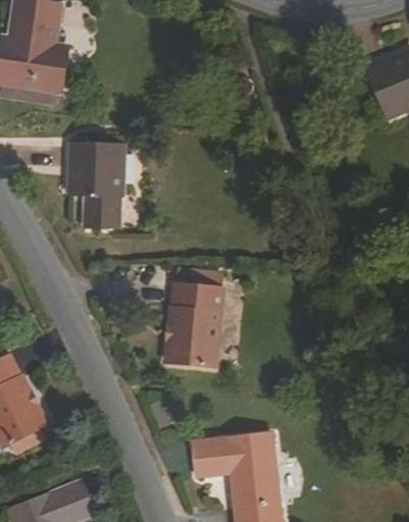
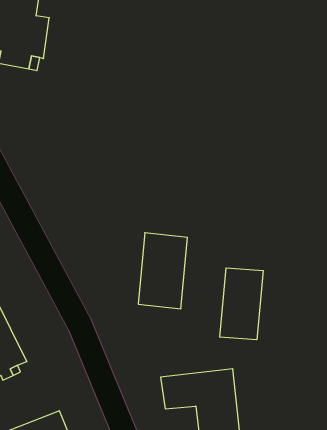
building: [70,142,124,225] -> none
building: none -> [220,268,263,340]

